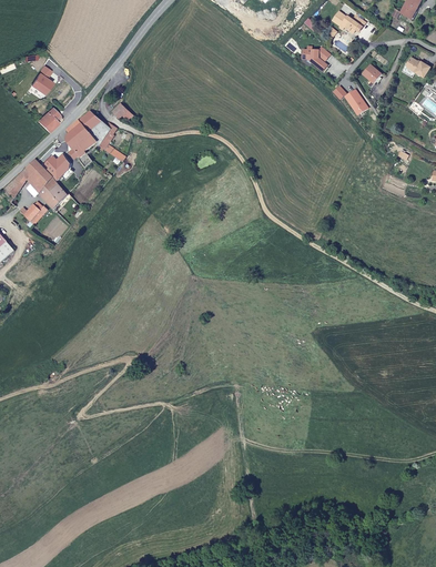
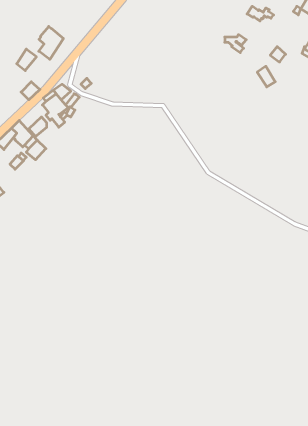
building: none -> [39,26,63,59]

